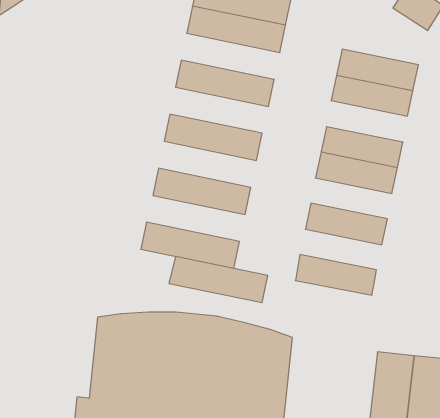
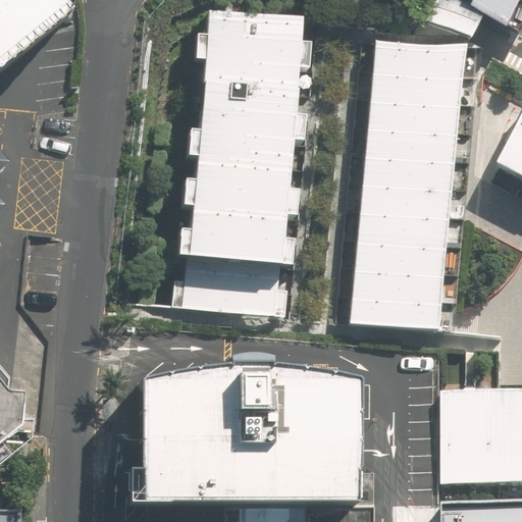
building: none -> [375,40,461,75]
building: none -> [204,67,309,107]
building: none -> [198,126,303,166]
building: none -> [367,123,453,160]
building: none -> [192,186,296,225]
building: none -> [359,208,445,244]
building: none -> [353,264,439,300]
building: [169,256,268,303] -> [185,245,290,284]

